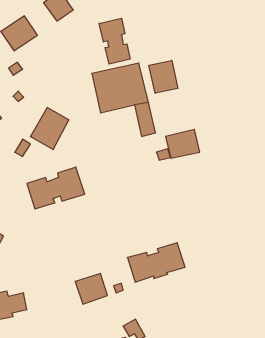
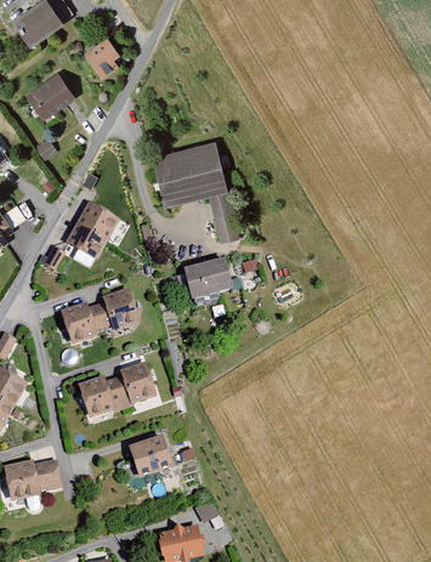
building: [99,18,130,64] -> none
building: [149,60,178,93] -> none
building: [166,129,200,158] -> [185,255,232,295]
building: [127,243,185,282] -> [79,359,159,414]

